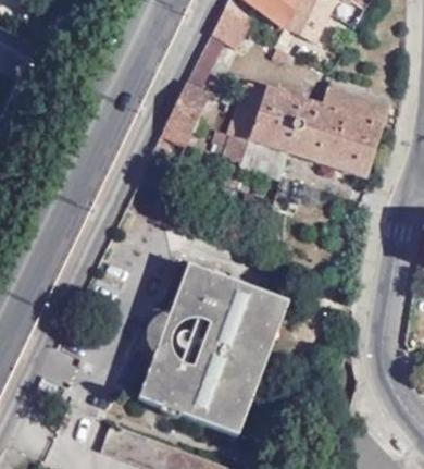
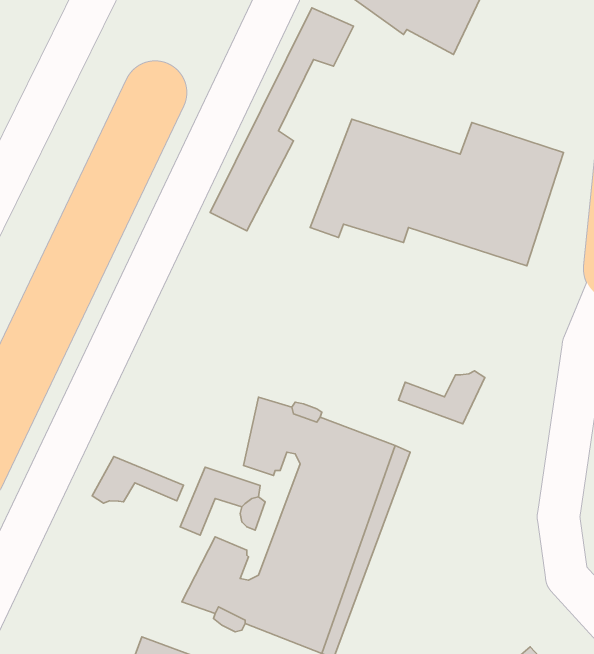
building: none -> [399,371,485,424]
building: none -> [92,456,183,503]

